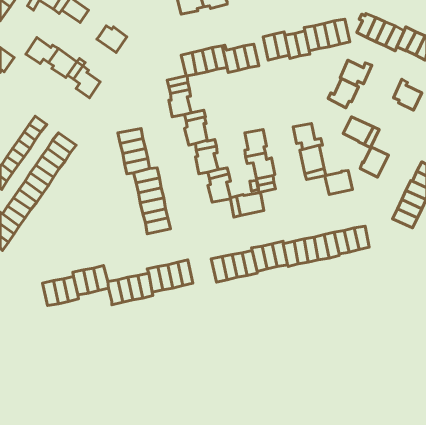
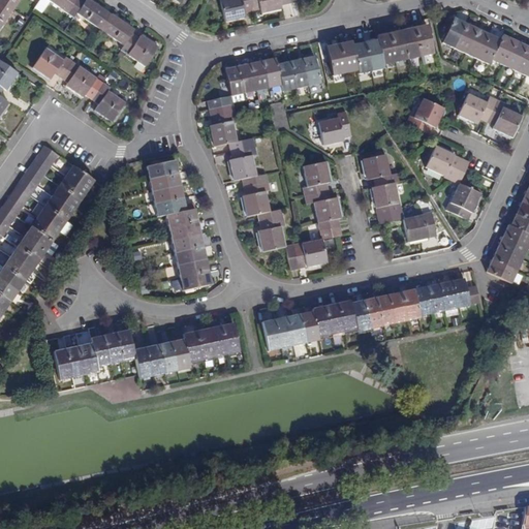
building: none -> [100,12,134,44]
building: [340,60,372,85] -> [459,92,498,123]
building: none -> [319,111,351,144]
building: none -> [453,277,480,306]

